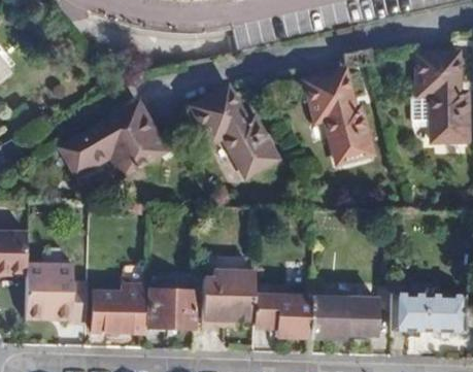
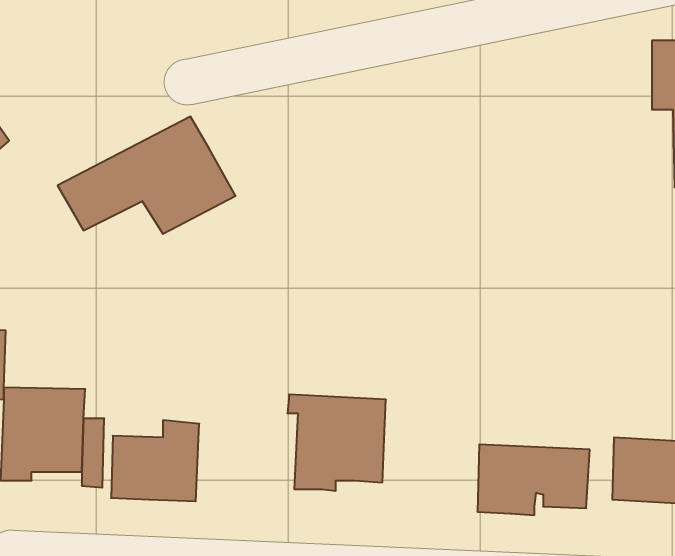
building: [301,74,367,164] -> none
building: [183,87,267,175] -> none
building: [151,295,199,335] -> none
building: [256,295,313,338] -> none

